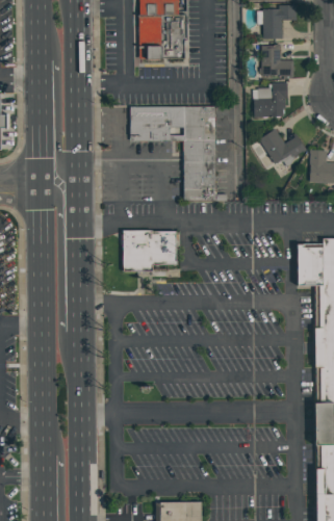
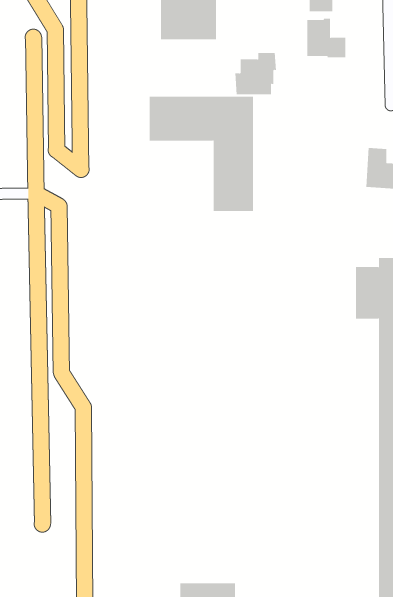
building: [253,83,287,118] -> [235,52,277,95]
building: [258,129,306,164] -> none
building: [125,234,180,273] -> none

